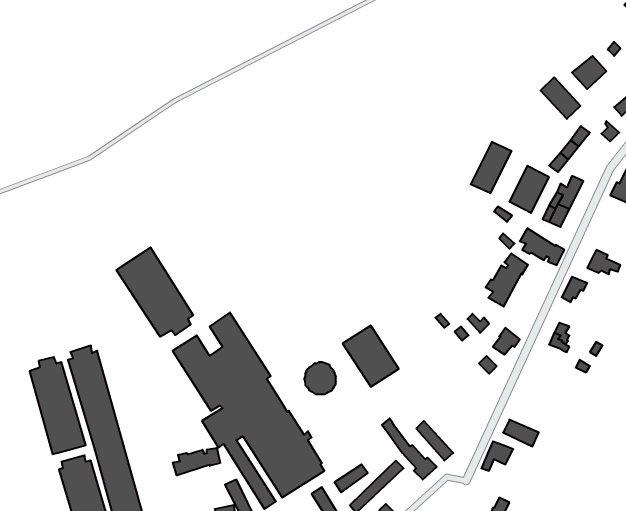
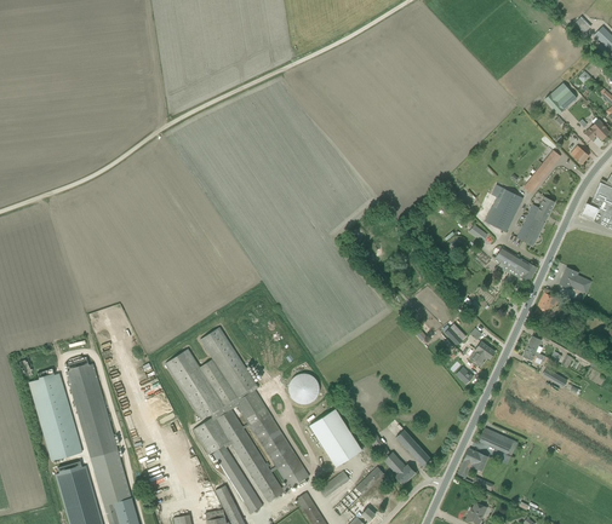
building: [541,77,580,119] -> none
building: [471,142,511,193] -> none
building: [116,247,193,337] -> none
building: [486,253,528,307] -> none
building: [343,326,399,387] -> [309,409,362,467]
building: [173,448,220,475] -> none

